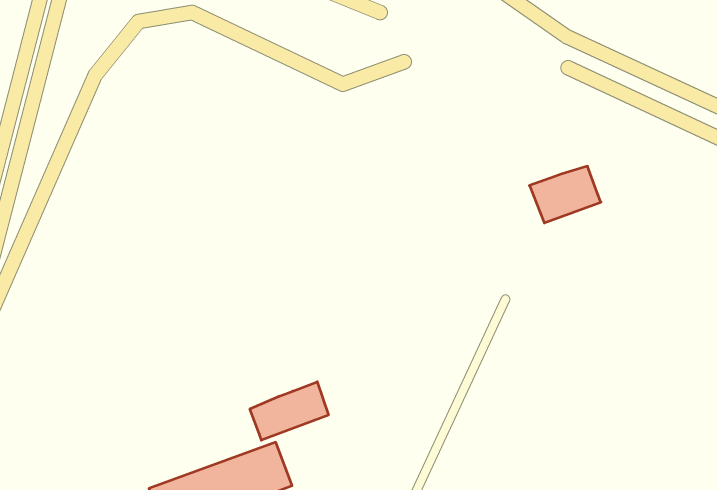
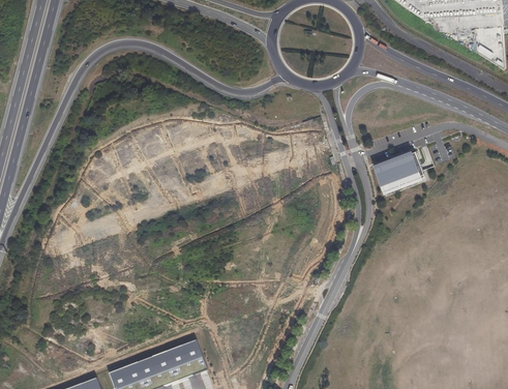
building: [250,382,328,440] -> none

